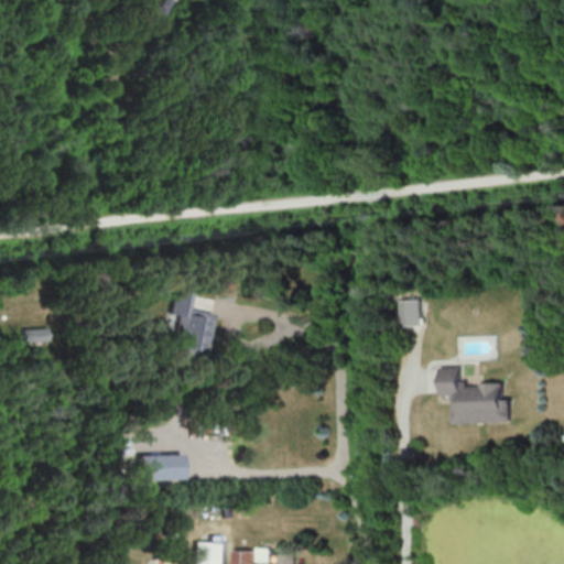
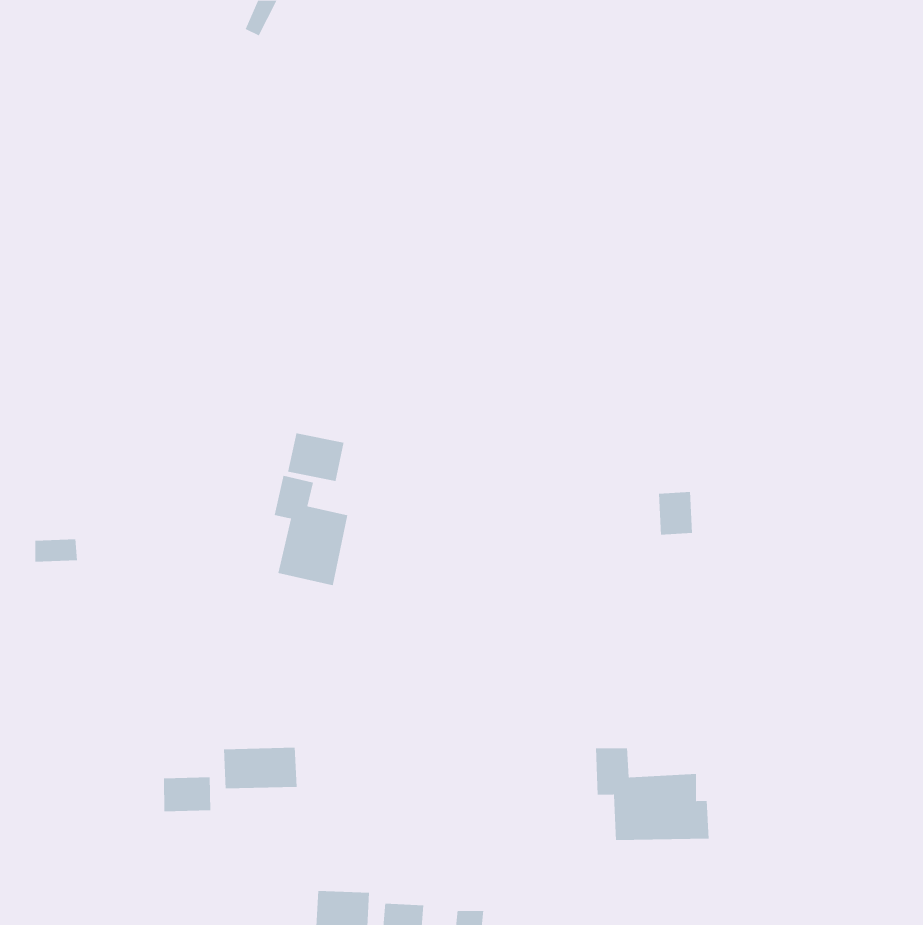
building: none -> [288,432,344,482]
building: [444,367,513,423] -> [595,748,709,840]
building: none -> [163,777,211,812]

